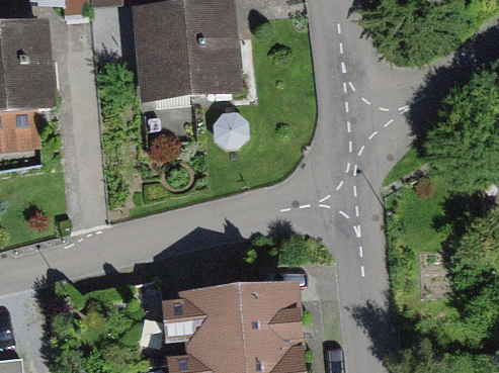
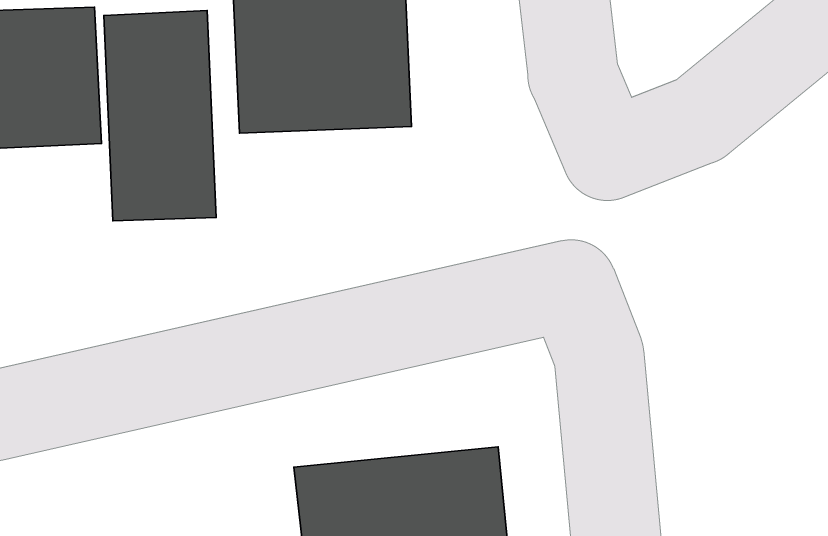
building: none -> [104,11,216,221]

